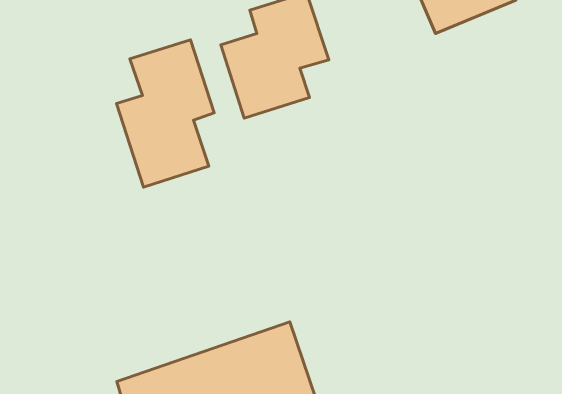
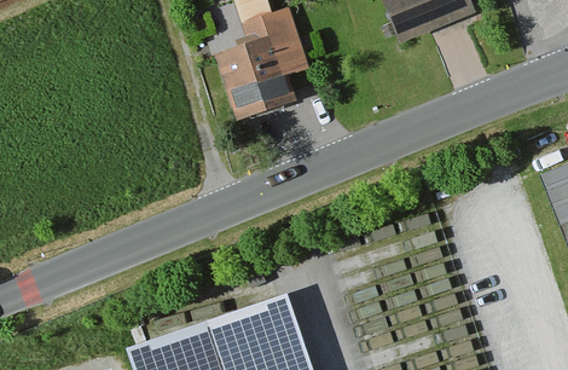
building: [116,40,214,187] -> none

